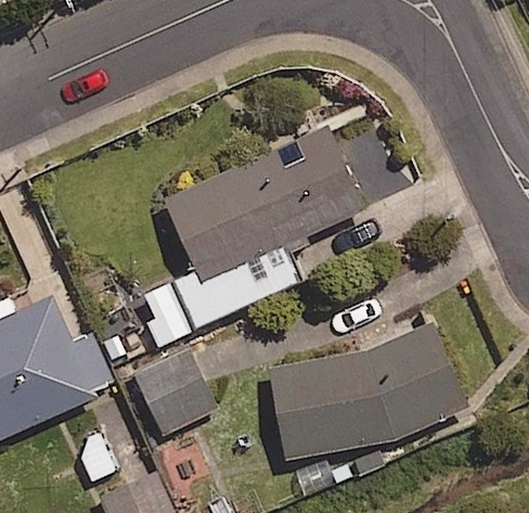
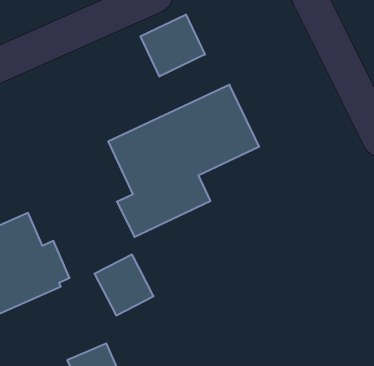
building: none -> [140,14,205,77]
building: [268,323,467,460] -> none

